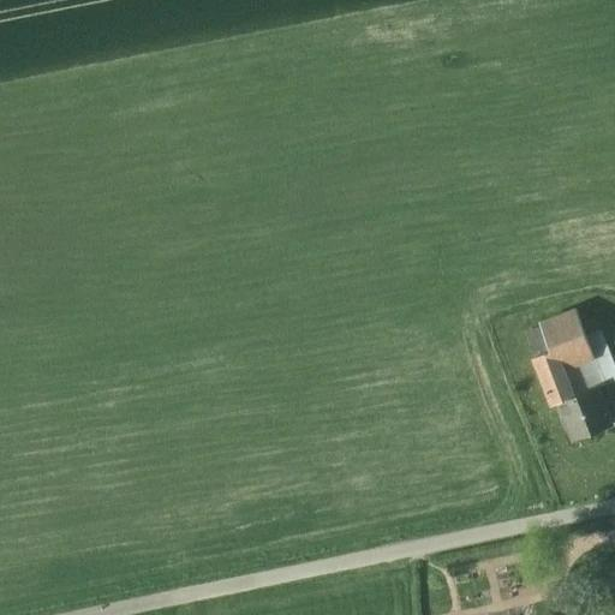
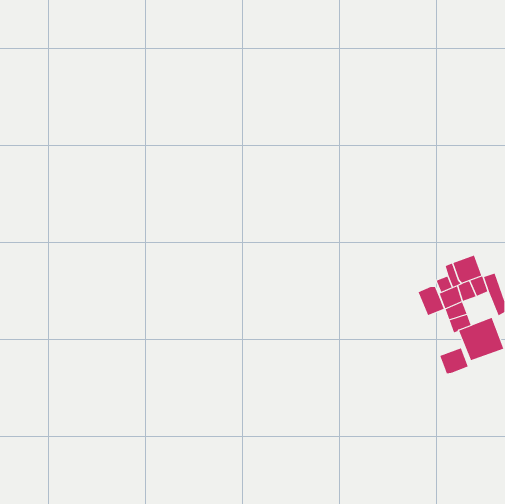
building: none -> [418,286,445,316]
building: none -> [440,347,469,374]

